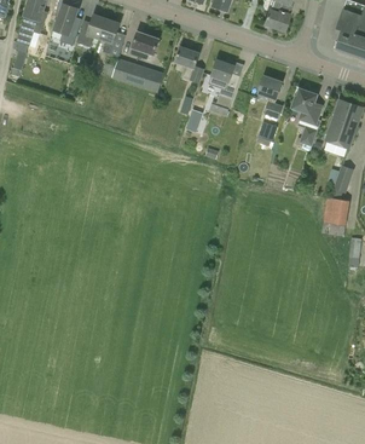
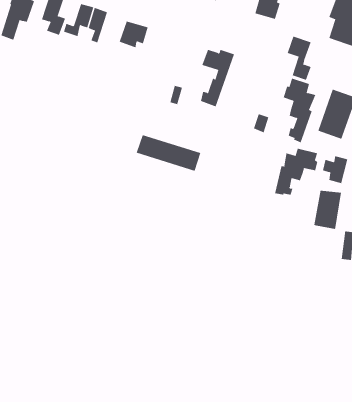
building: [175,46,205,82] -> none
building: [100,54,164,91] -> [136,134,201,172]
building: [259,75,283,119] -> [287,36,311,80]
building: none -> [274,148,318,196]

